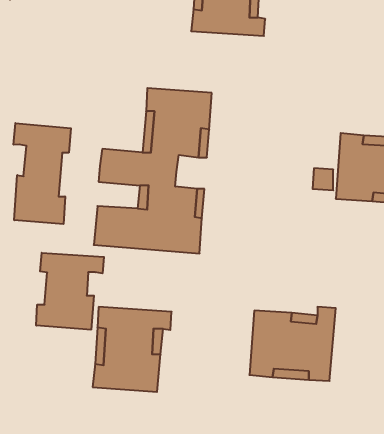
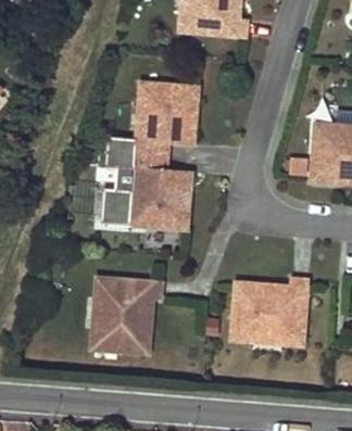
building: [14,123,71,224] -> none
building: [36,253,104,330] -> none

